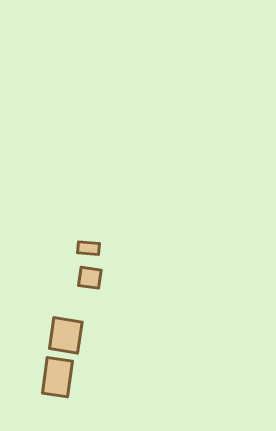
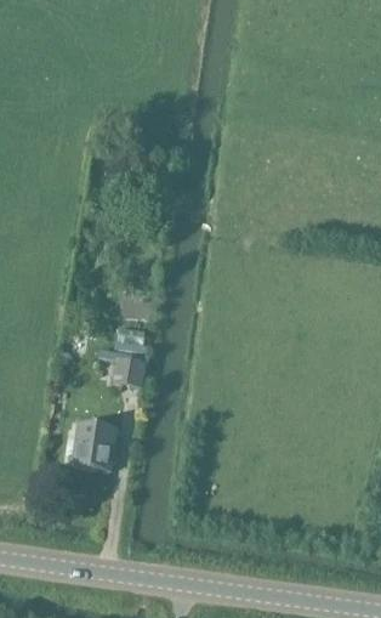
building: [42,357,72,397] -> none

